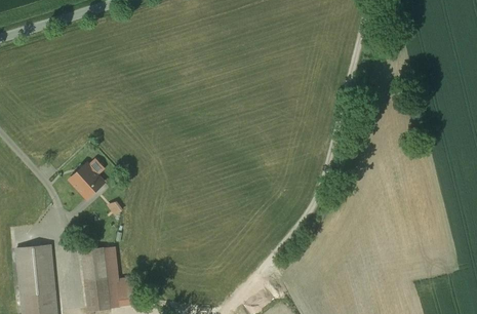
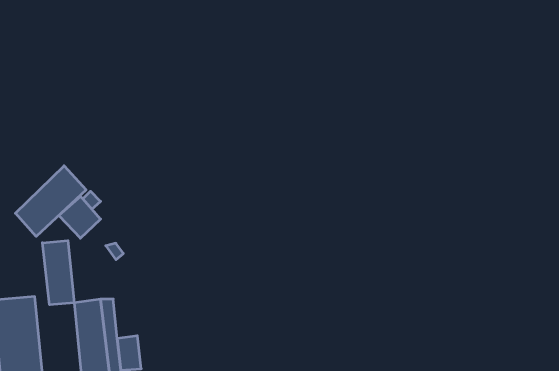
building: none -> [15,166,86,236]
building: none -> [42,241,74,305]

